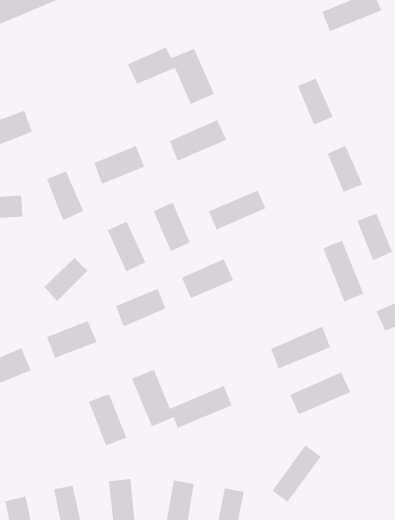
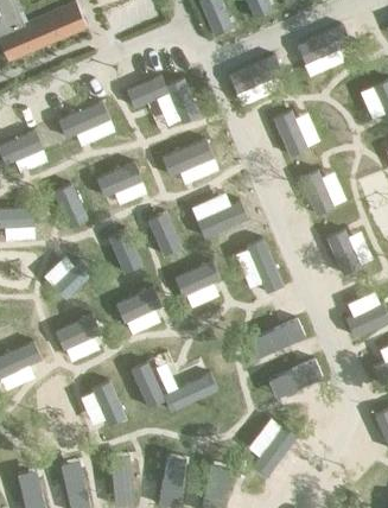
building: none -> [229,58,282,95]
building: none -> [57,104,109,141]
building: [322,240,364,302] -> [247,242,284,297]

